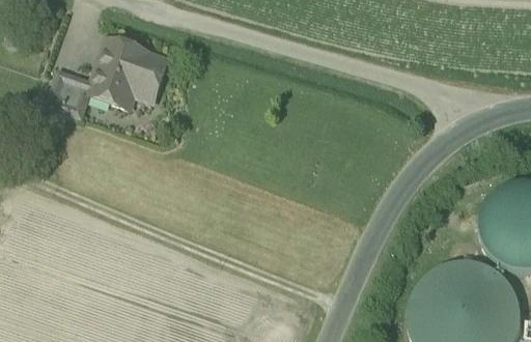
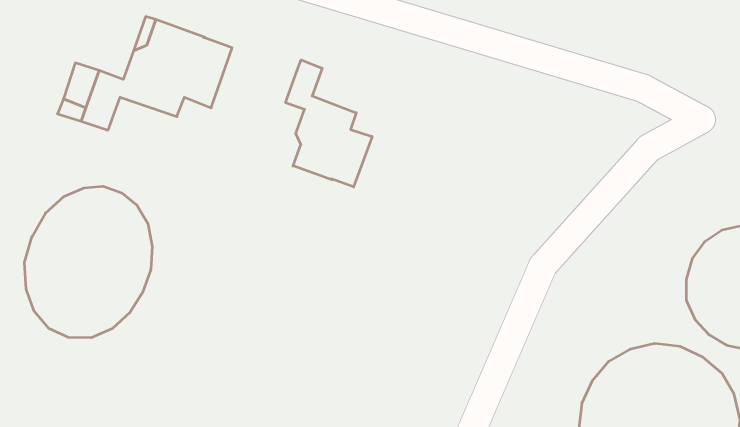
building: none -> [286,60,372,187]
building: none -> [24,186,152,338]

